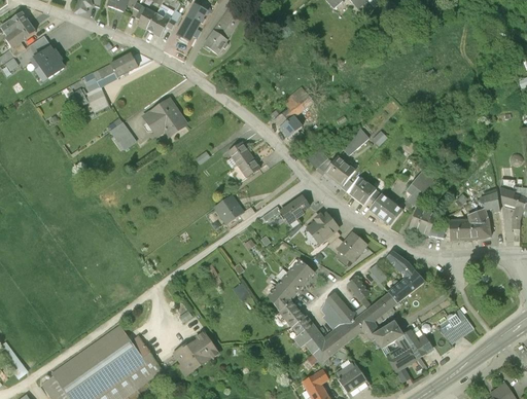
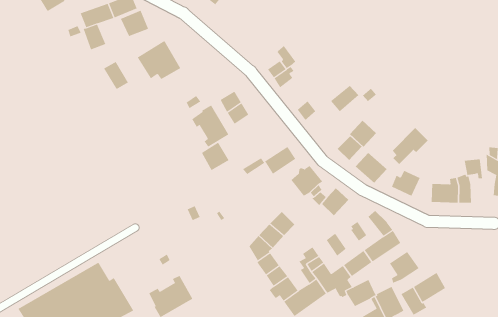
building: none -> [120,10,149,37]
building: [327,157,355,185] -> [349,120,377,147]
building: none -> [191,105,229,147]
building: none -> [389,251,419,284]

